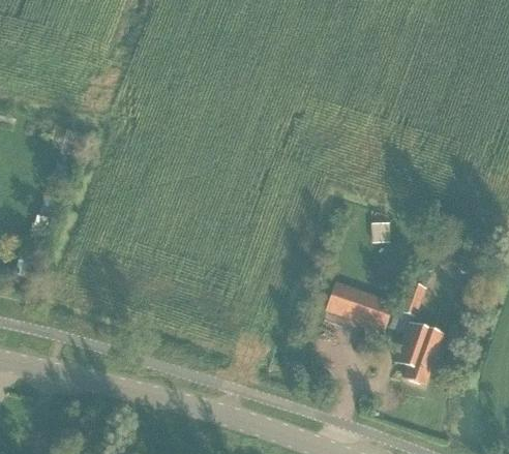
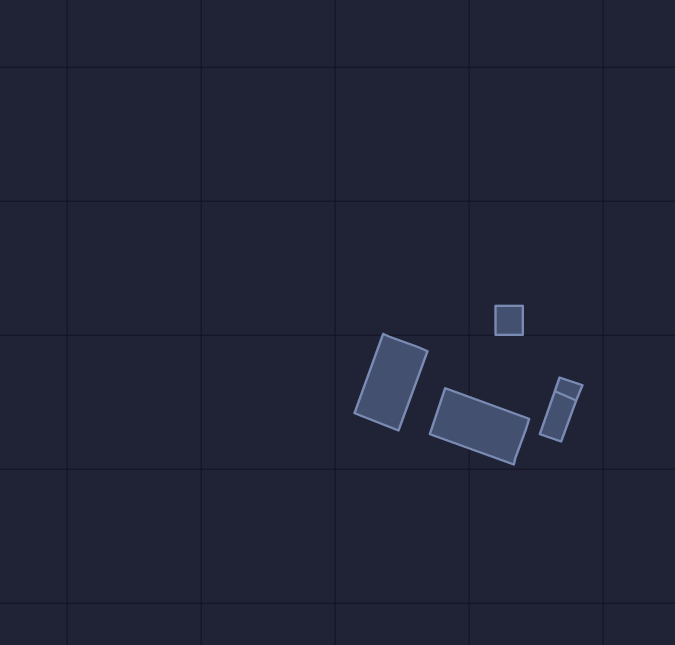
building: none -> [354,334,427,430]
building: [395,323,445,384] -> none

